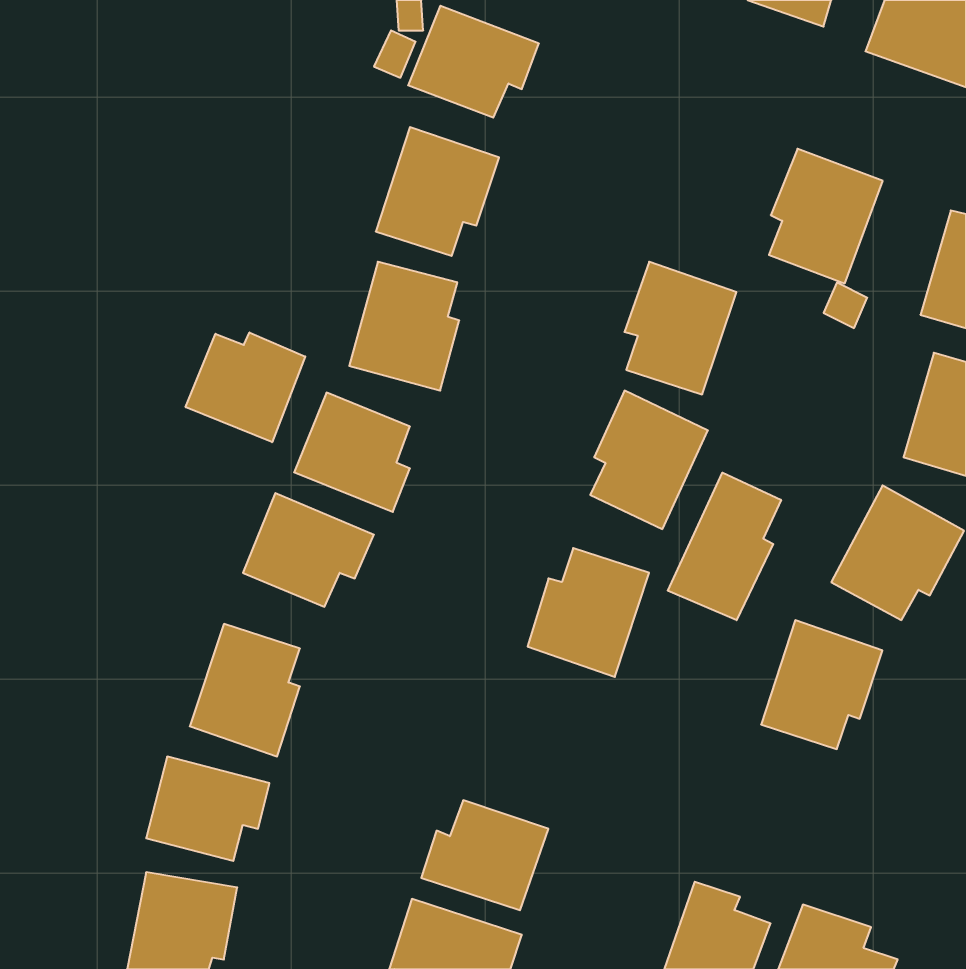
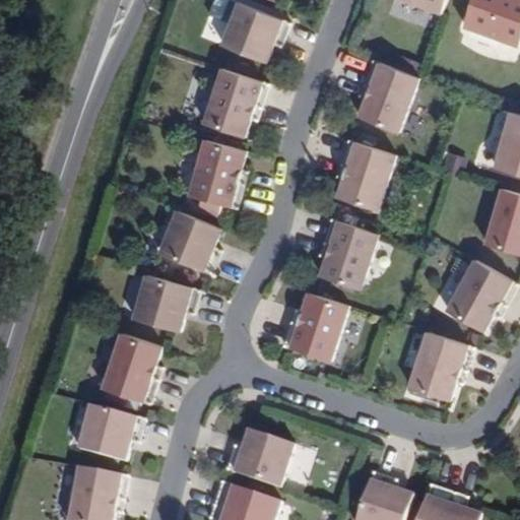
building: [769,149,883,283] -> [358,62,418,134]
building: [186,332,305,442] -> none
building: [668,473,781,620] -> none

